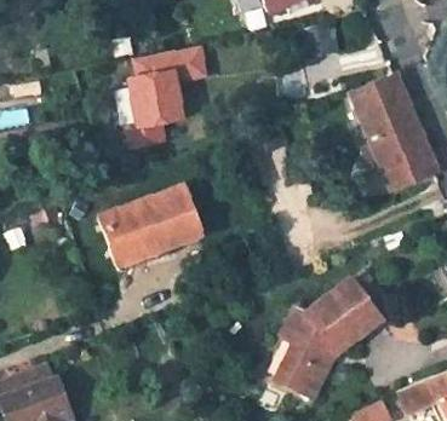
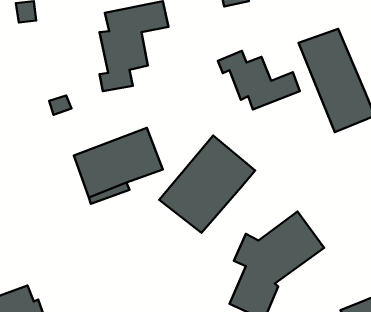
building: none -> [218,51,300,110]
building: none -> [159,135,255,233]

